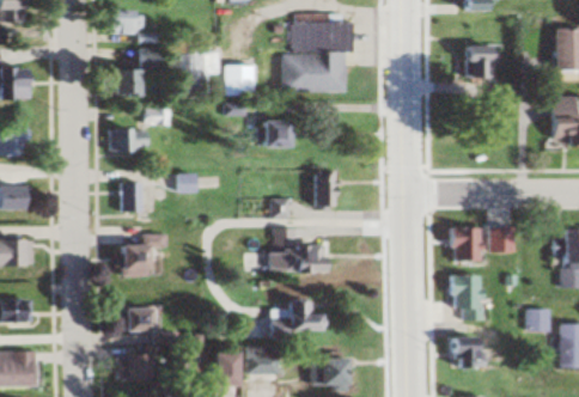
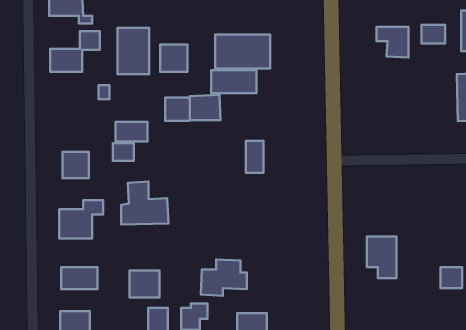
building: [297,23,346,48] -> [211,70,256,93]
building: none -> [421,25,445,43]
building: none -> [165,98,190,121]
building: [110,129,145,151] -> [115,122,147,142]
building: [494,225,517,252] -> none
building: [272,226,323,273] -> [121,182,168,224]
building: [451,227,481,261] -> none
building: none -> [129,271,159,297]
building: [449,336,483,369] -> none

